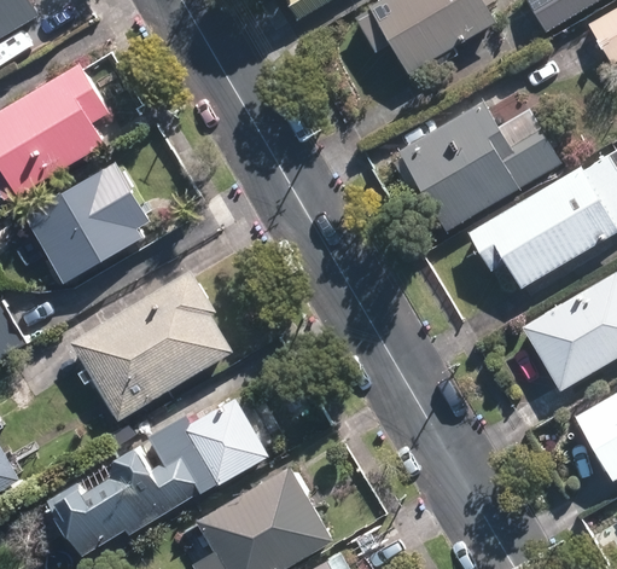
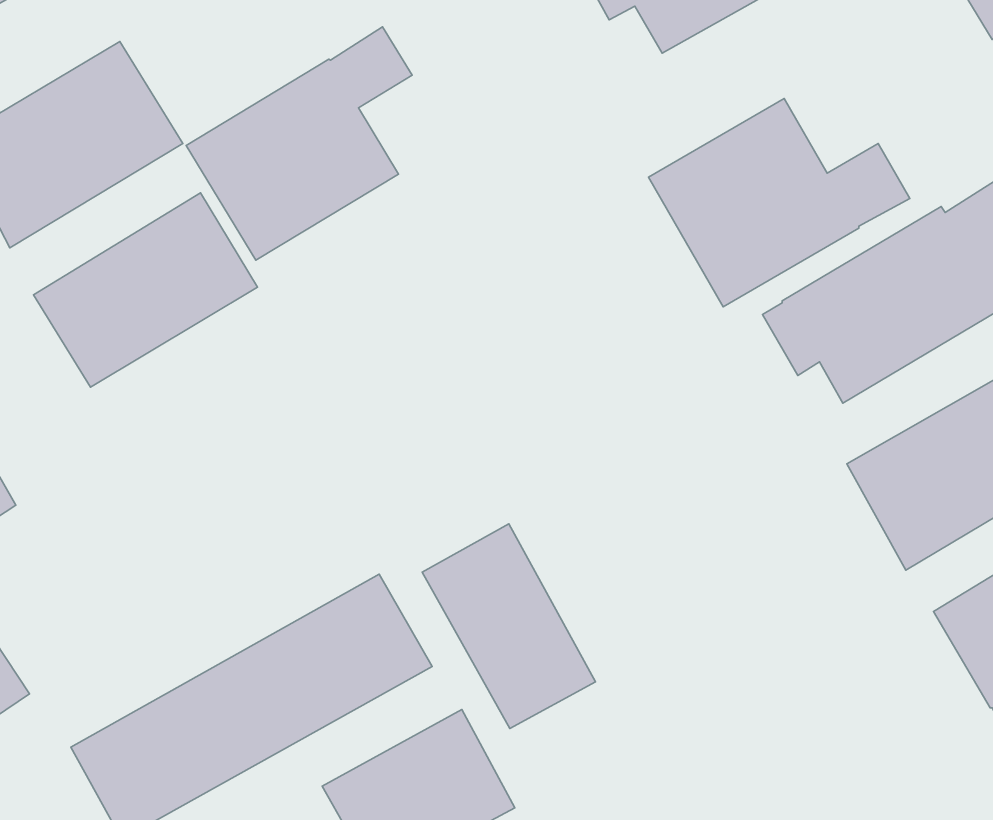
building: none -> [186,27,412,260]
building: [70,271,227,412] -> none
building: none -> [422,524,596,728]

